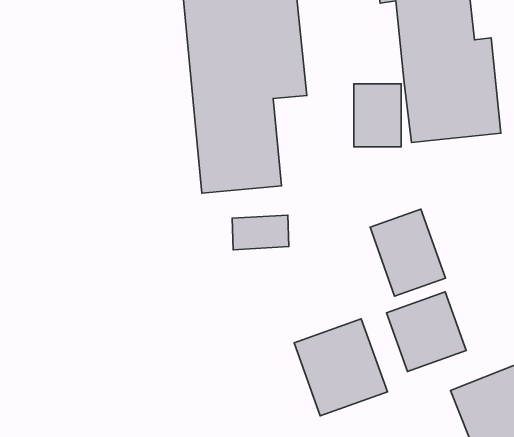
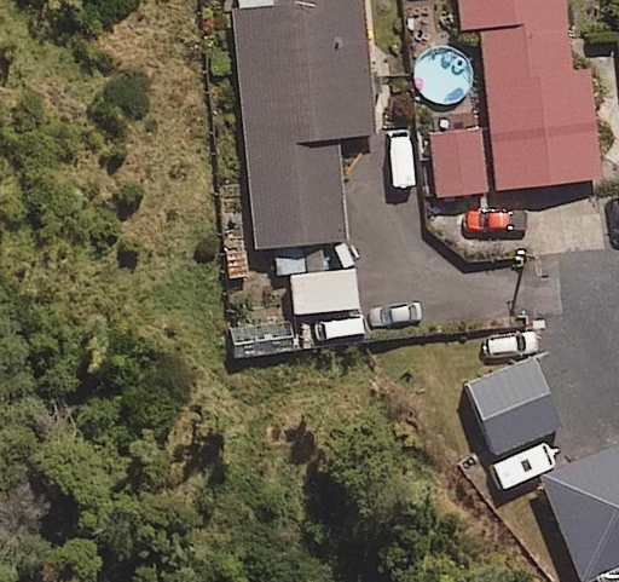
building: [370,209,445,296] -> none
building: [294,319,387,416] -> none

